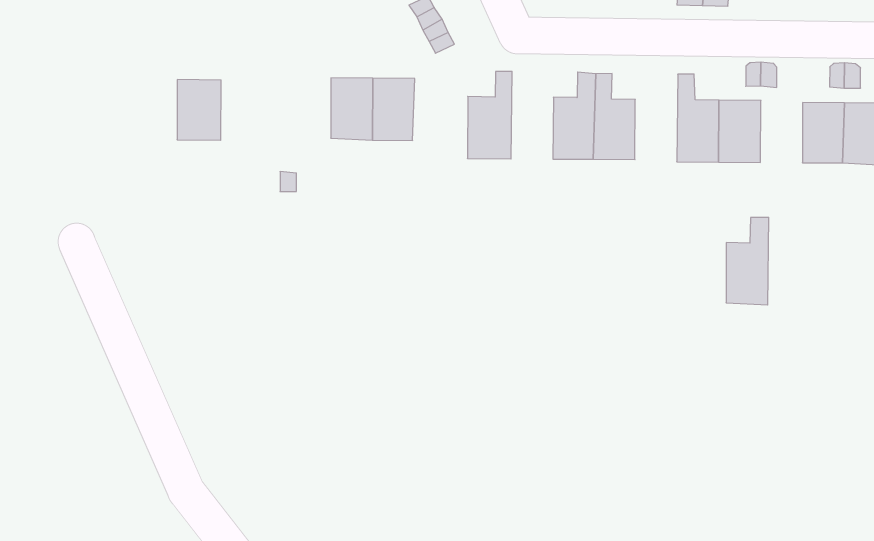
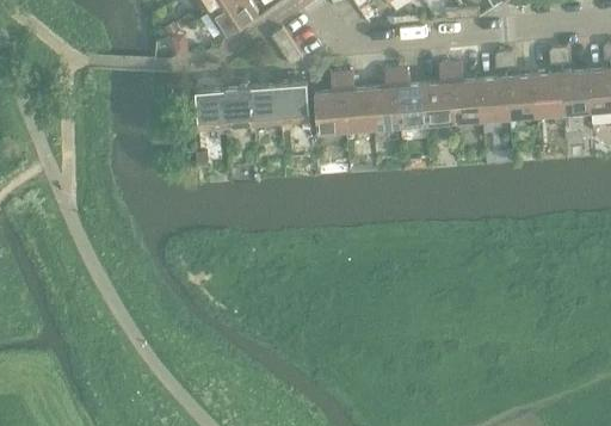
building: none -> [342,72,375,130]
building: none -> [279,82,310,124]
building: [177,80,221,140] -> [196,88,228,130]
building: none -> [507,75,538,117]
building: [726,217,769,305] -> [425,64,456,123]

